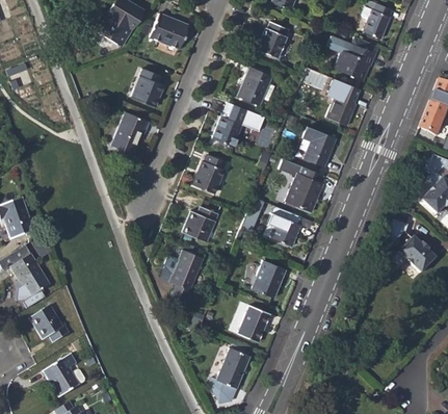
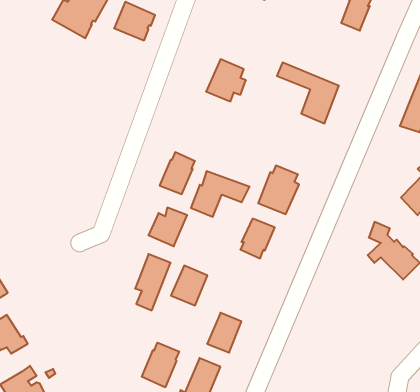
building: [257,21,288,57] -> none
building: [334,35,378,80] -> none
building: [131,67,164,106] -> none
building: [212,103,267,146] -> [191,171,250,217]
building: [111,111,149,151] -> none
building: [302,126,336,166] -> none
building: [251,259,285,296] -> [171,266,207,305]
building: none -> [142,343,179,387]

